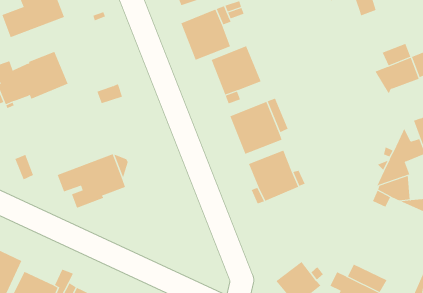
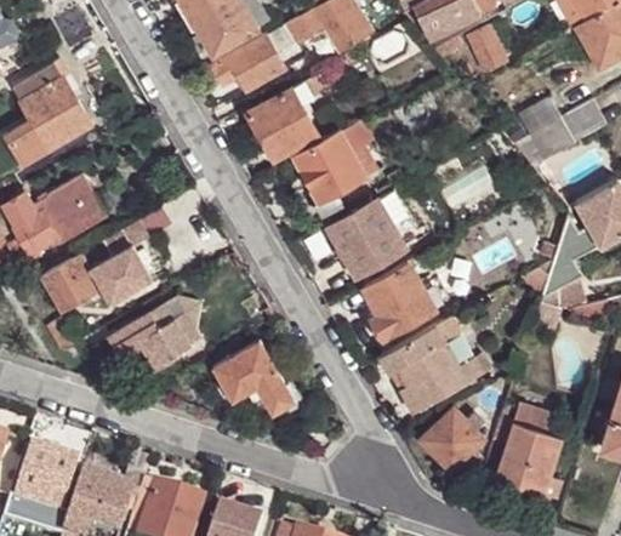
building: none -> [338,120,384,176]
building: none -> [39,223,150,313]
building: none -> [209,338,292,412]
building: none -> [380,317,480,412]

